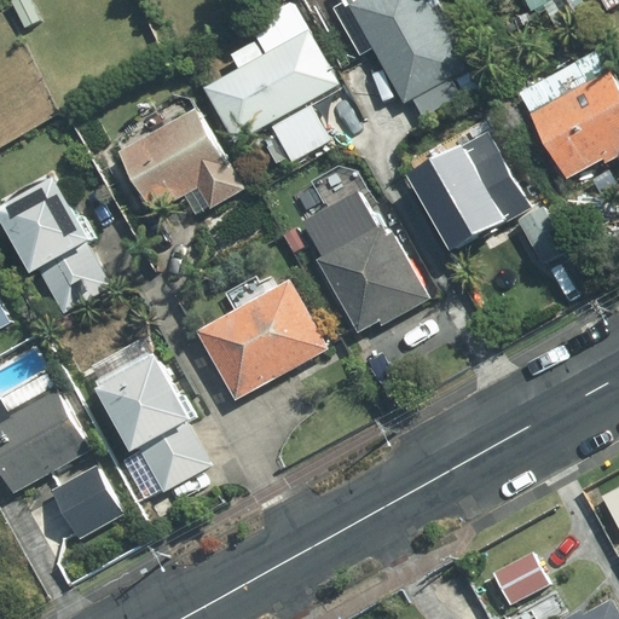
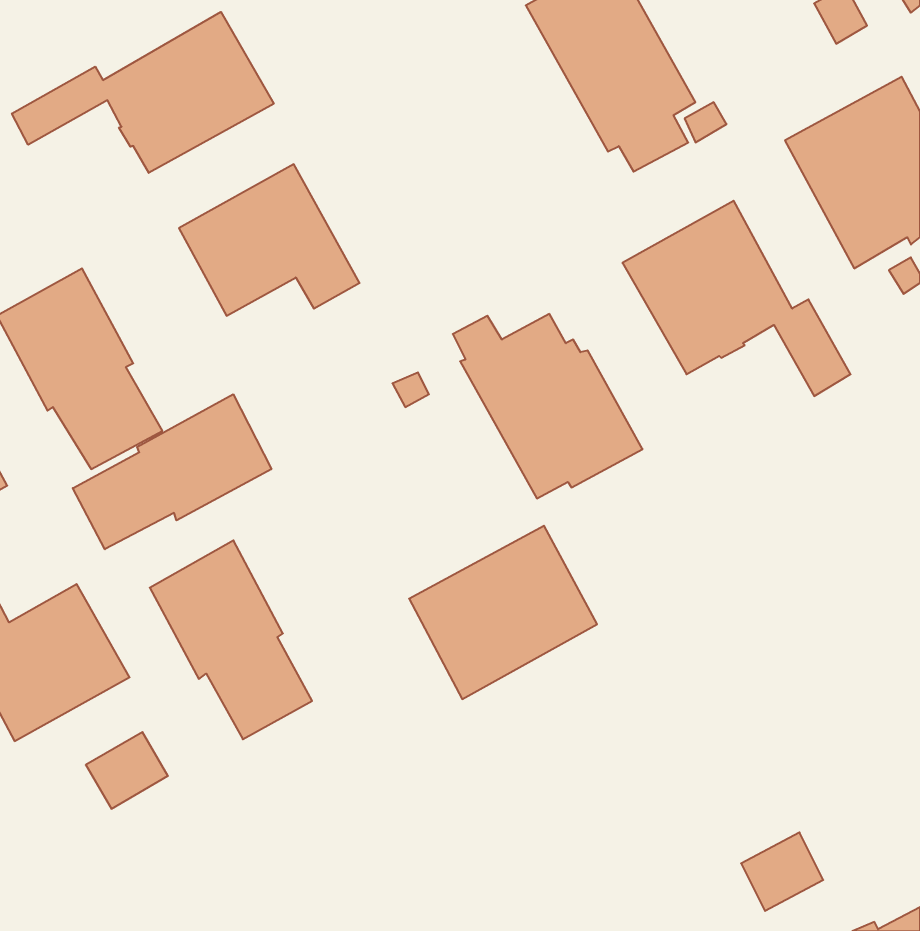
building: none -> [12,12,274,173]
building: [203,31,334,158] -> none
building: none -> [73,394,271,549]
building: [198,282,323,397] -> [409,526,597,699]

